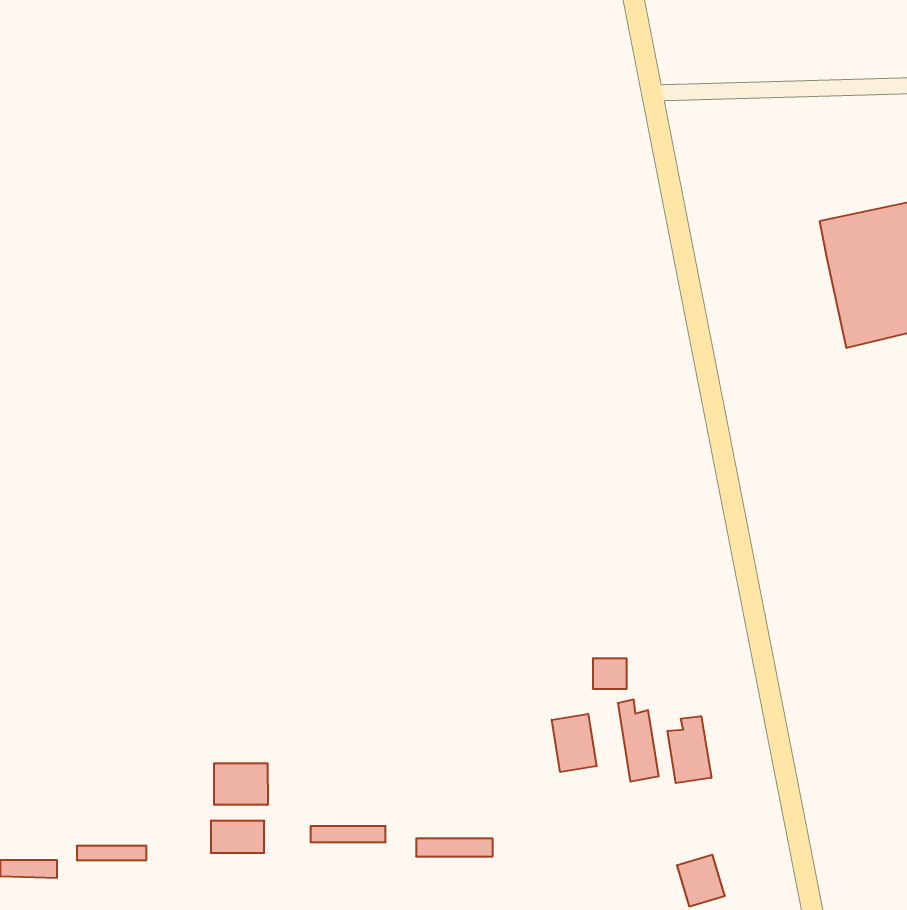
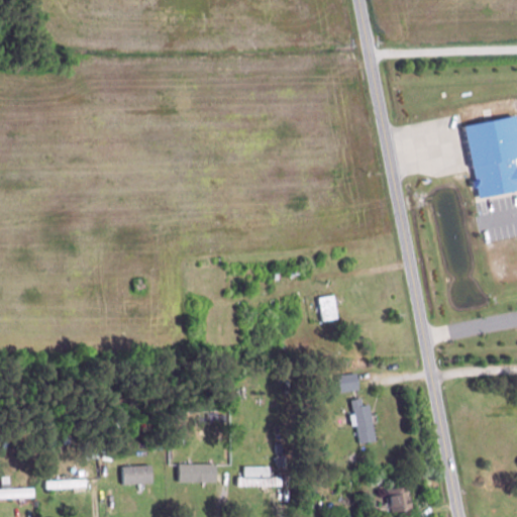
building: none -> [319,294,338,320]
building: [552,714,597,772] -> none
building: [667,716,711,783] -> none
building: [214,763,268,805] -> none

